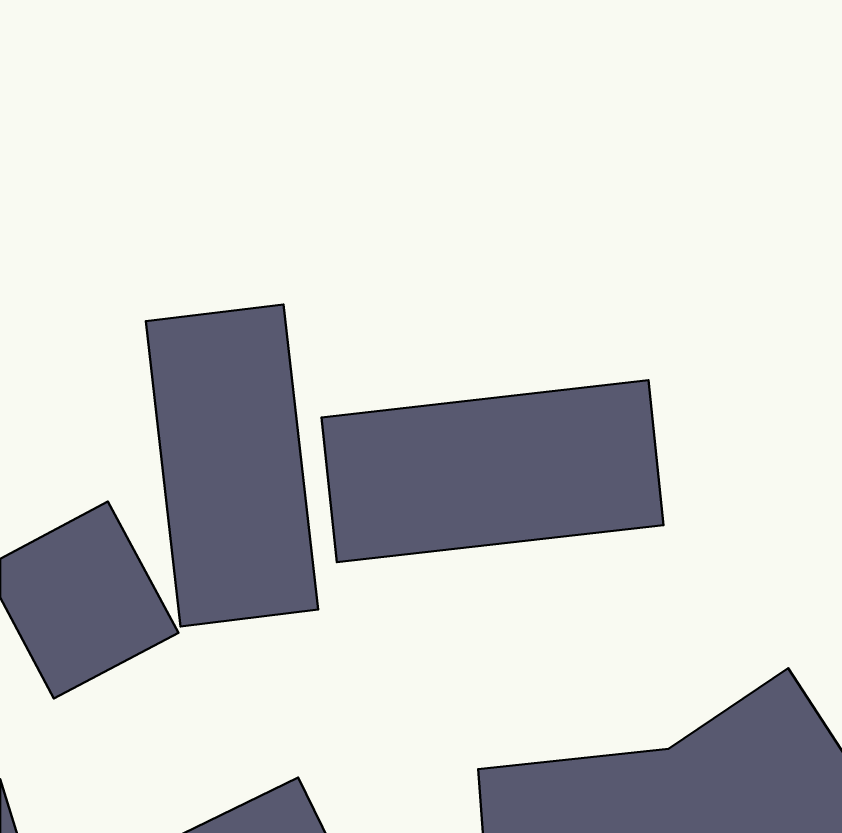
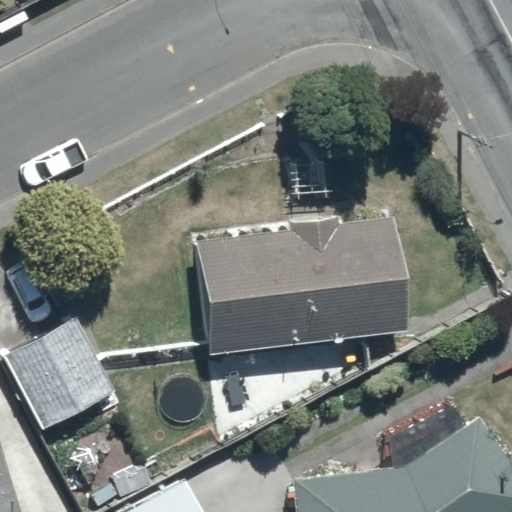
building: [146,305,318,626] -> none

